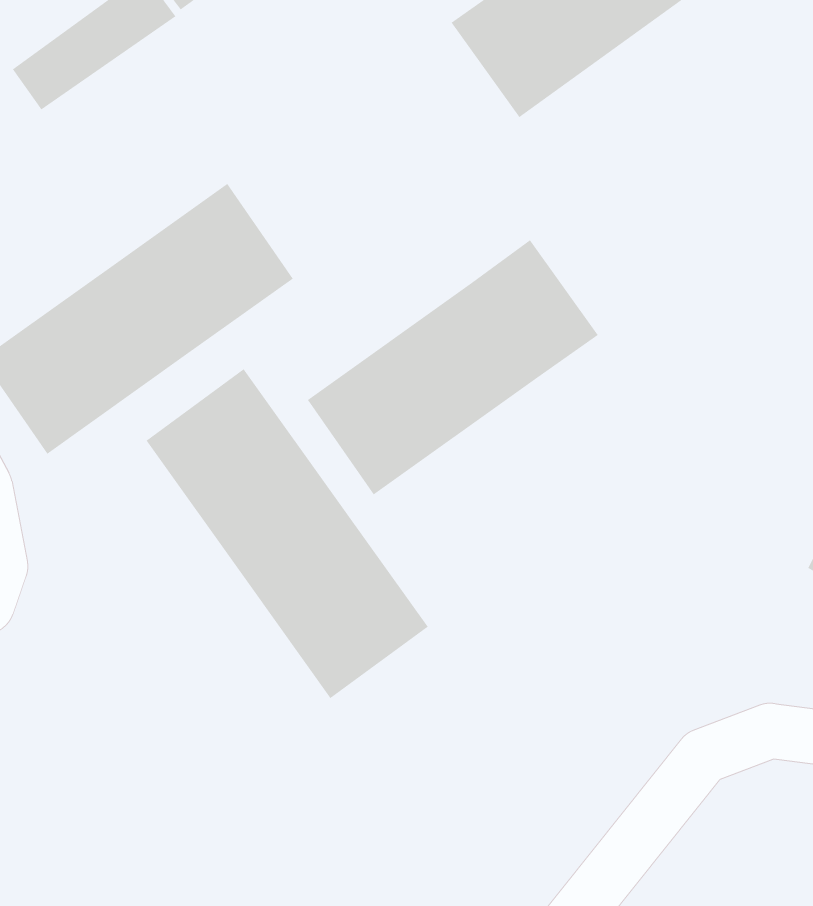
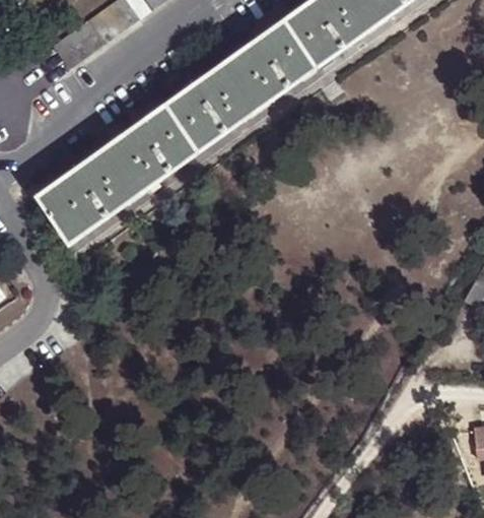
building: [307,239,599,496] -> [162,21,314,154]
building: [145,368,429,699] -> none

